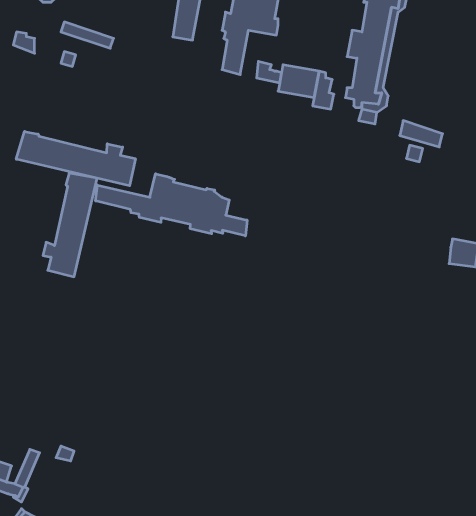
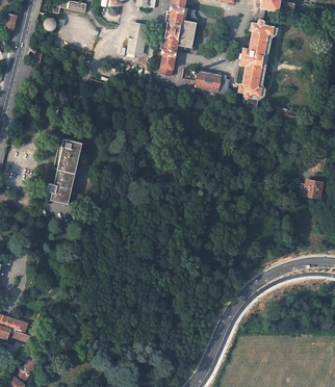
building: [16,131,135,186] -> none
building: [96,174,247,236] -> none

